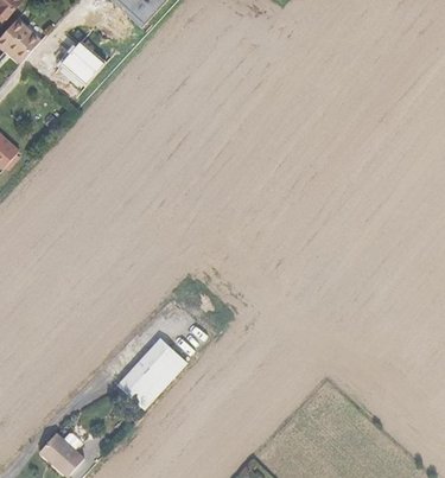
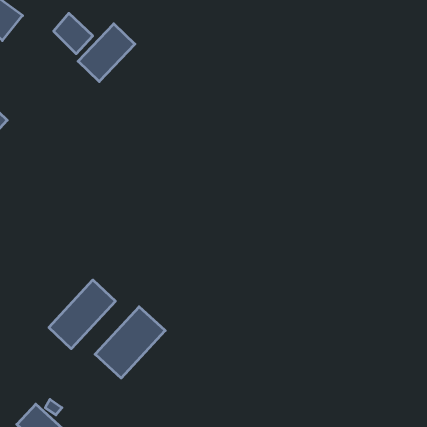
building: none -> [78,24,135,82]
building: none -> [49,280,115,349]

